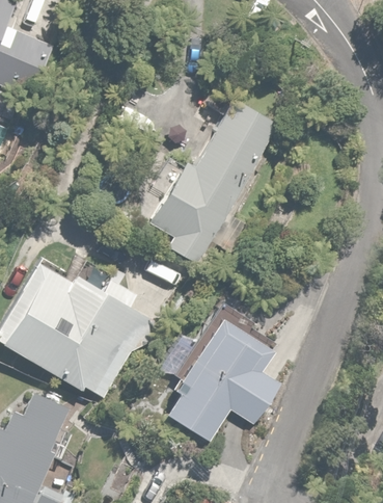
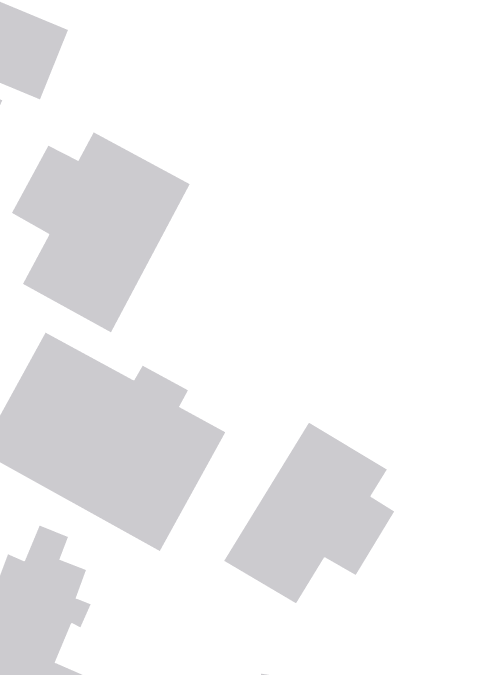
building: [147,100,277,268] -> none
building: none -> [11,131,190,333]

